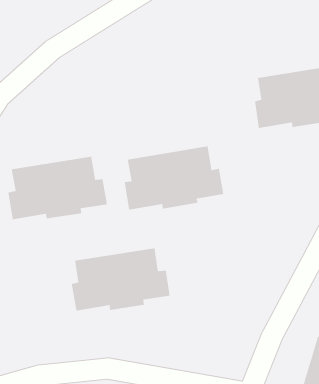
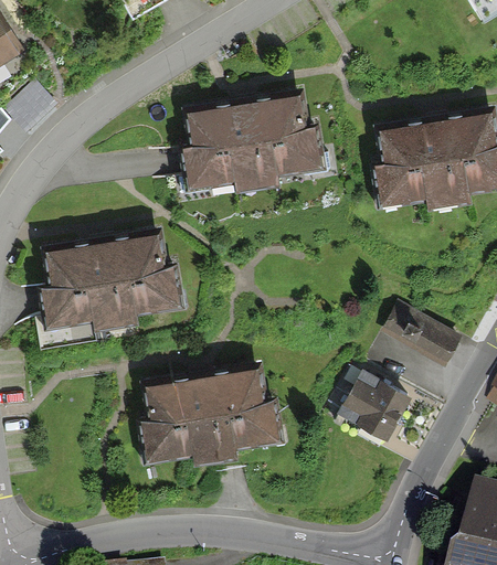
building: [124,145,224,210] -> [183,98,321,188]
building: none -> [381,302,459,364]
building: none -> [339,370,419,440]

